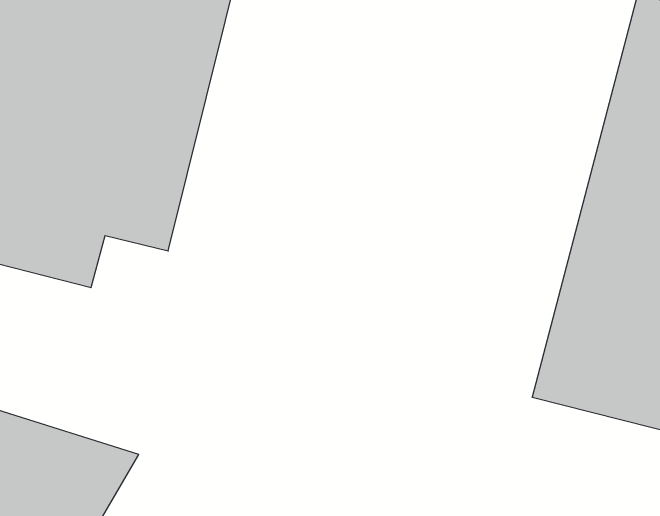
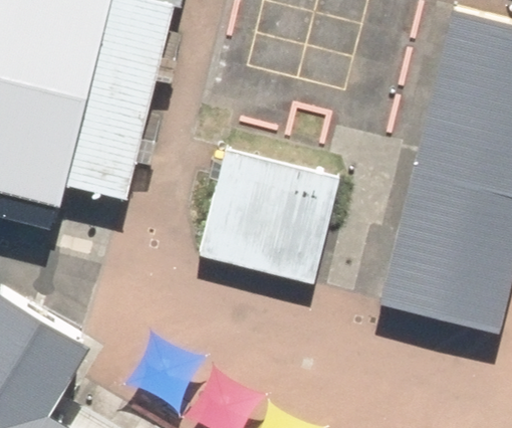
building: none -> [206,152,344,282]

